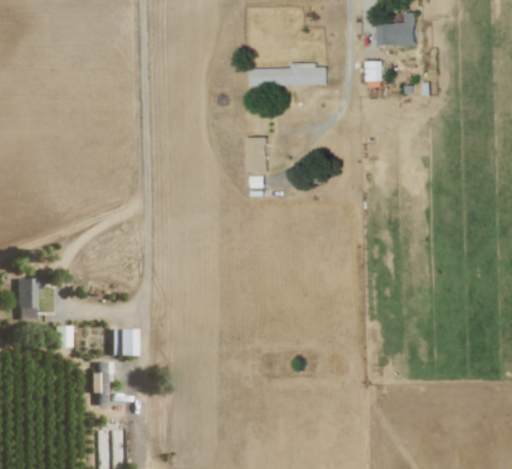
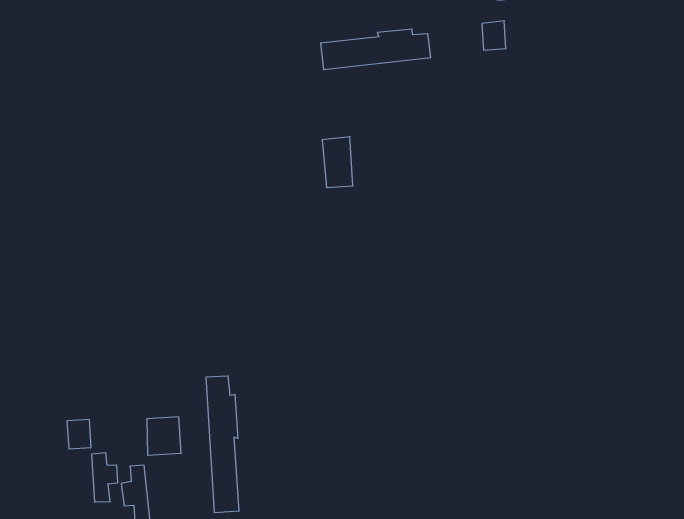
building: [17,279,41,320] -> none
building: none -> [206,376,239,513]
building: none -> [92,453,117,502]

